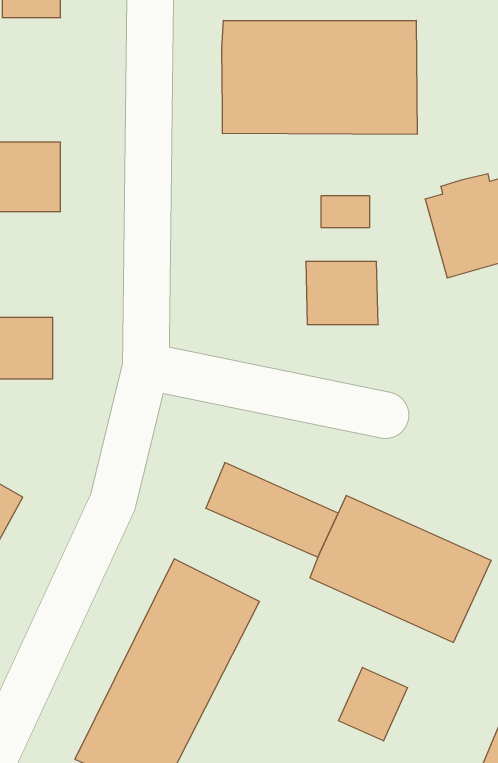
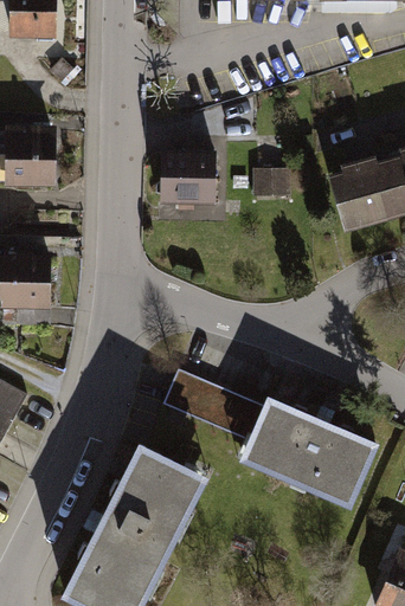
building: [222,20,417,134] -> none
building: [306,262,378,325] -> [156,152,211,199]
building: [339,667,408,741] -> none

